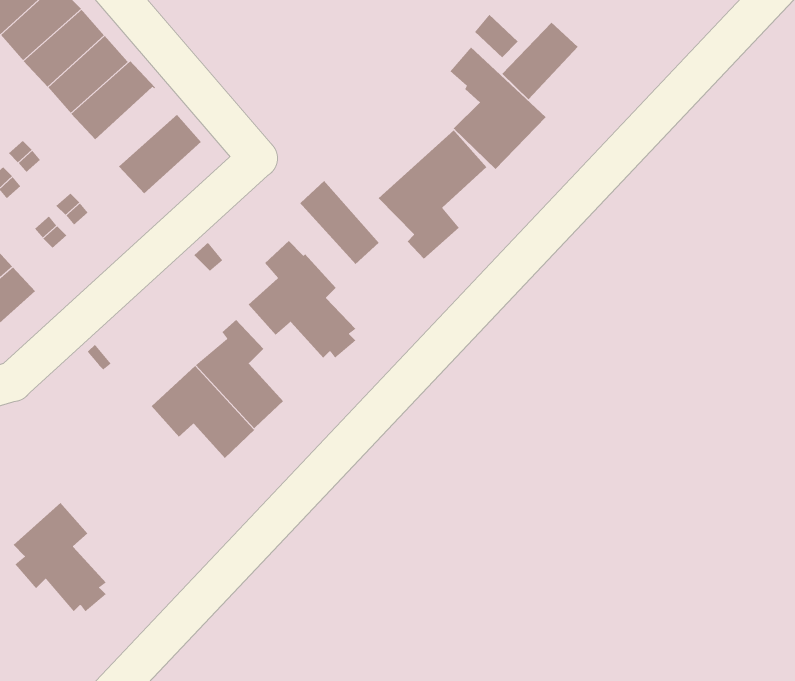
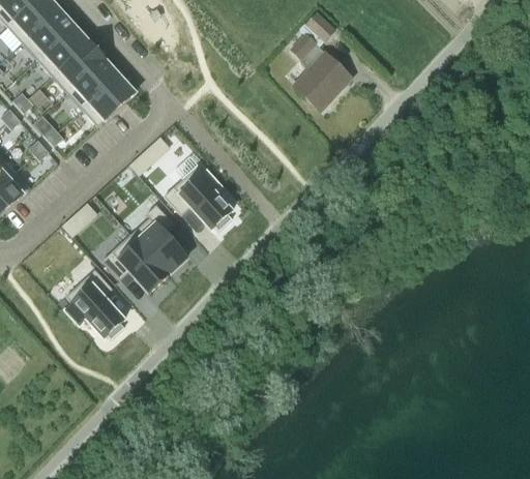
building: [502,22,578,100] -> none
building: none -> [67,58,119,108]
building: [378,129,487,259] -> none
building: [299,180,379,265] -> none
building: [13,502,106,612] -> [65,268,124,337]

